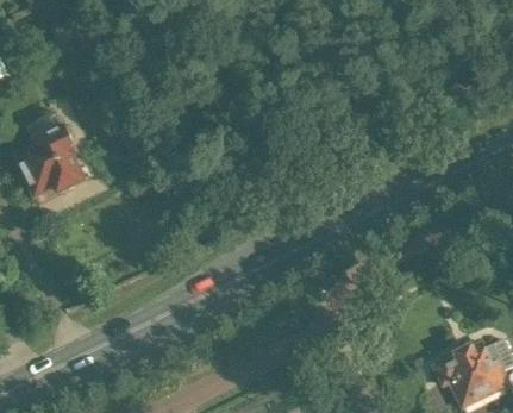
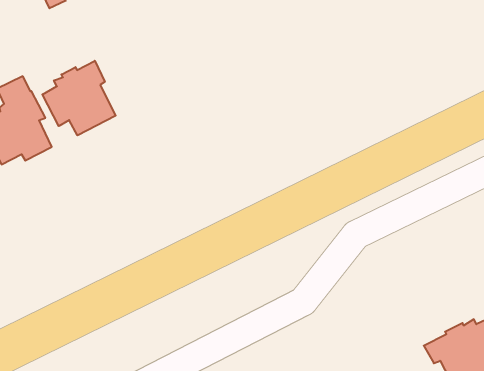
building: none -> [42,61,116,135]

